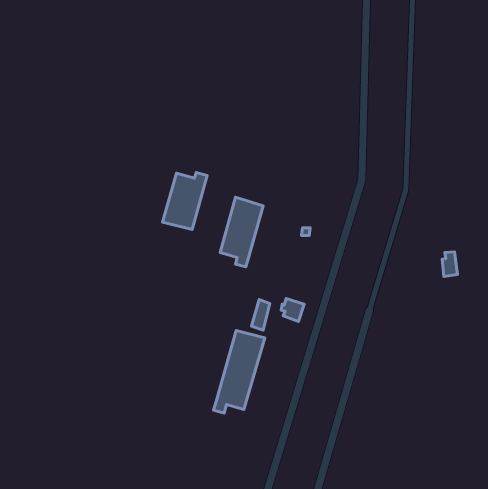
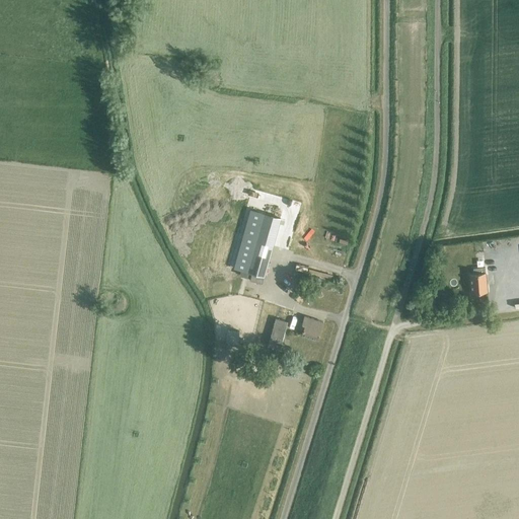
building: [162,172,207,230] -> none
building: [214,331,265,413] -> none

